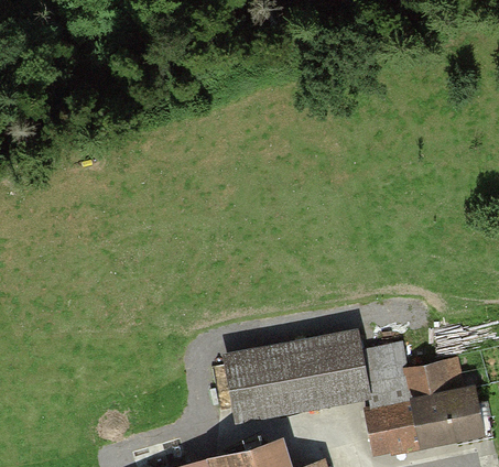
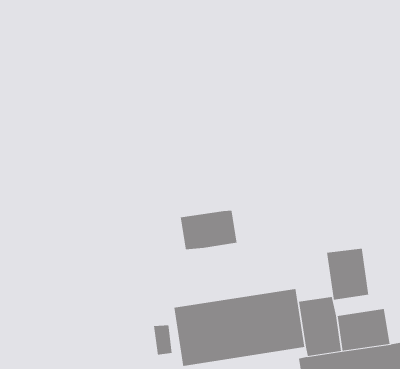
building: none -> [180,210,237,250]
building: none -> [326,248,369,301]

